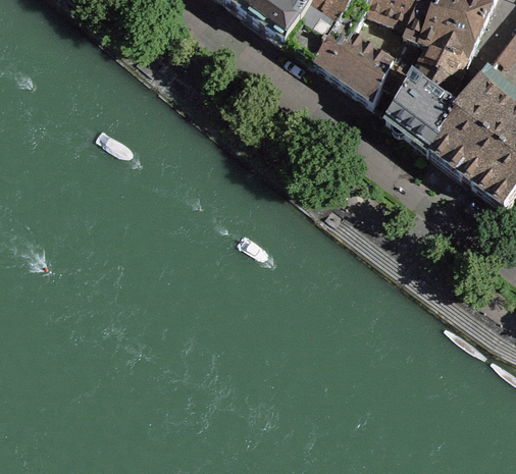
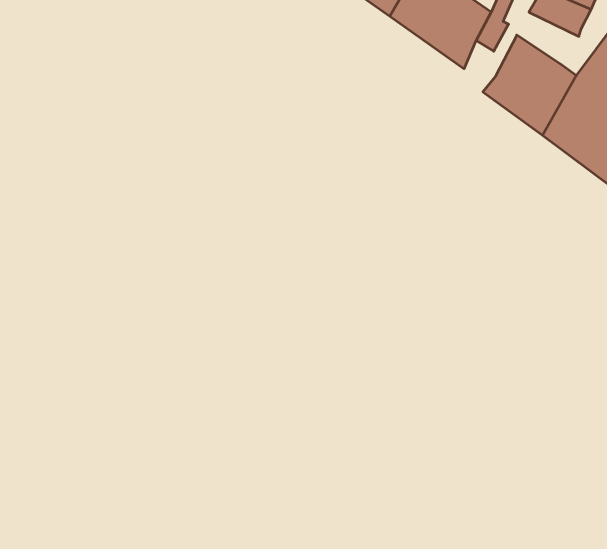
building: [412,56,459,96] -> none

